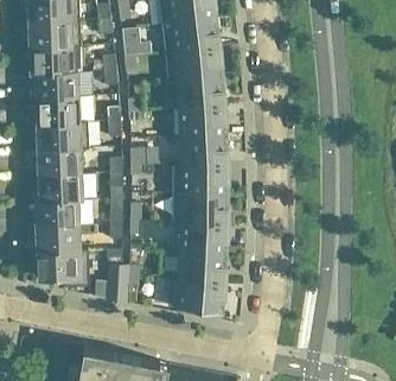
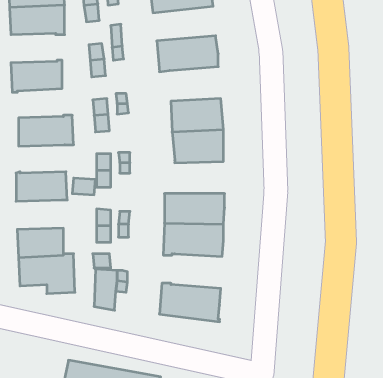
building: [162,21,221,53] -> none
building: [31,46,82,74] -> none
building: [178,77,225,109] -> none
building: [37,97,79,125] -> none
building: [38,150,82,176] -> none
building: [173,164,229,195] -> none
building: [36,201,79,228] -> none
building: [179,250,226,282] -> none

